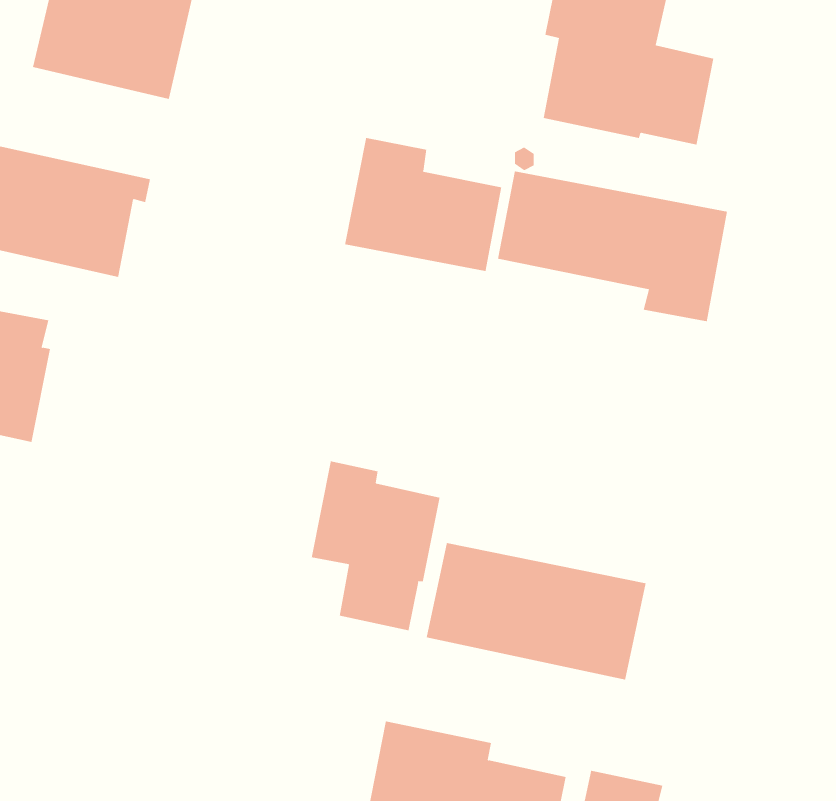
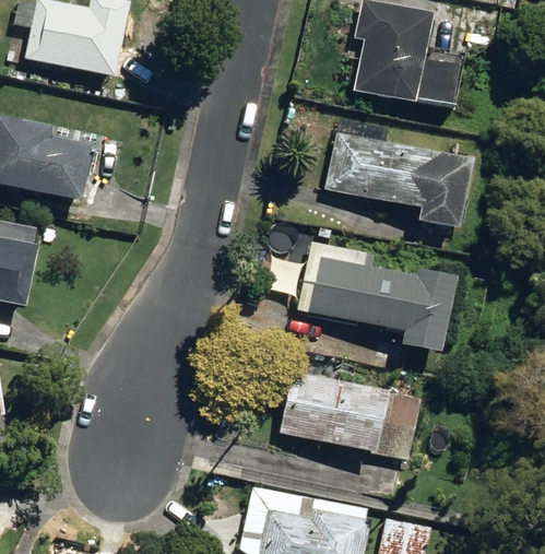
building: [345,137,502,272] -> none
building: none -> [308,246,457,352]
building: [311,461,440,631] -> none

